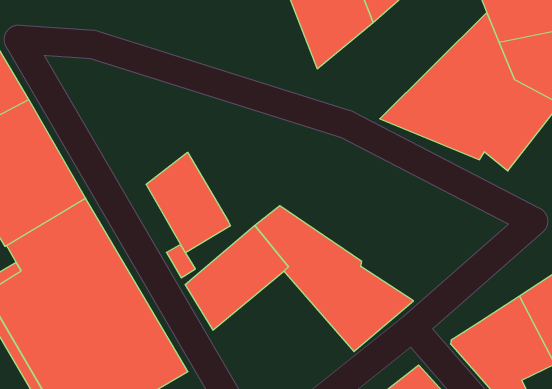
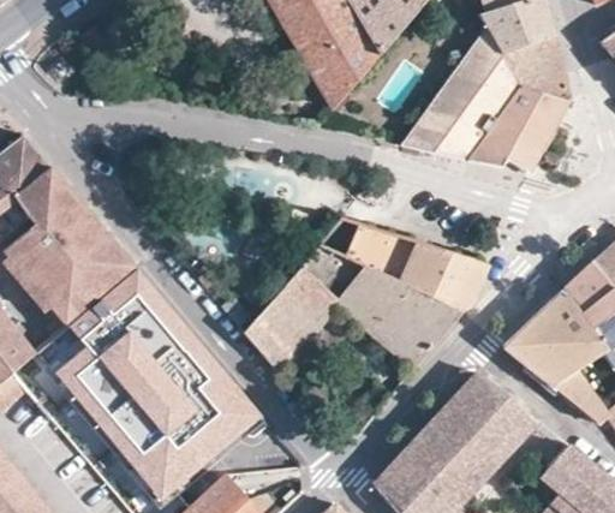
building: [146,152,230,253] -> none
building: none -> [346,226,486,312]

